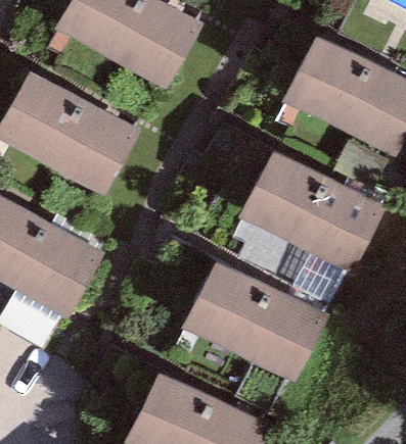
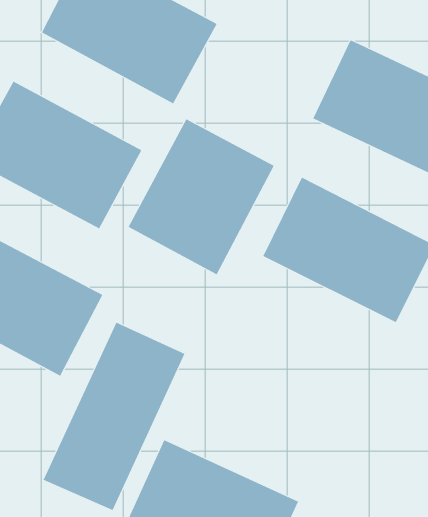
building: none -> [128,118,274,275]
building: [181,257,330,383] -> none
building: none -> [43,322,185,511]

